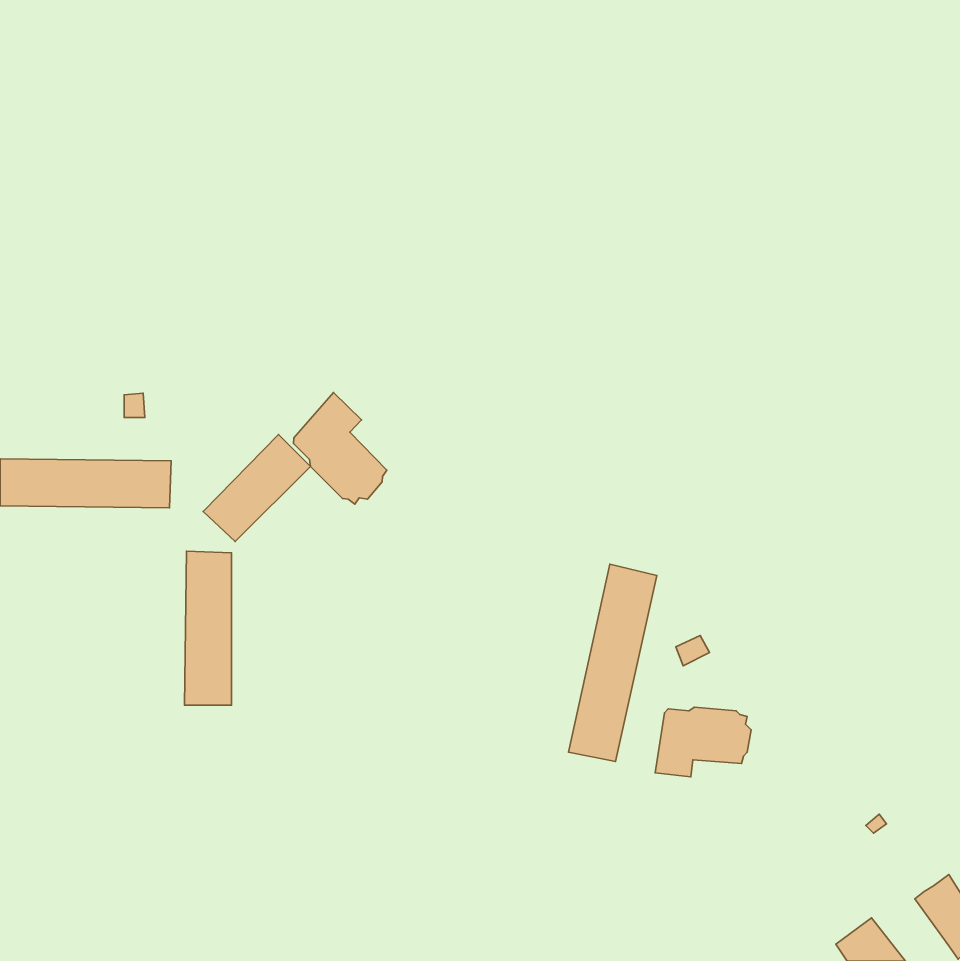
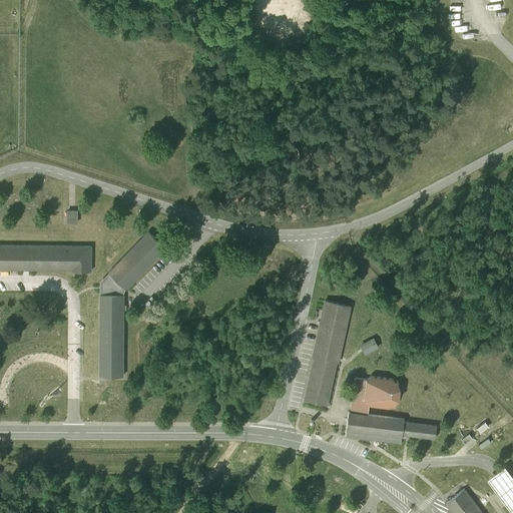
building: [294,393,387,504] -> none
building: none -> [100,273,126,295]
building: none -> [347,412,437,444]

